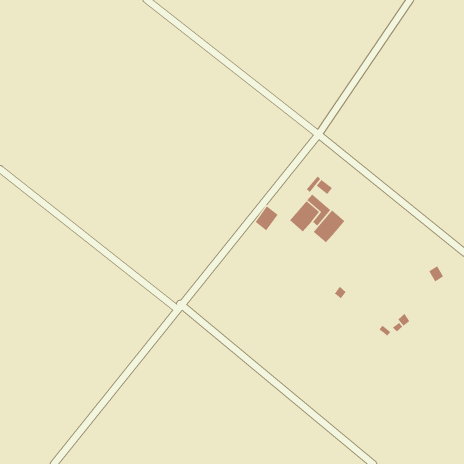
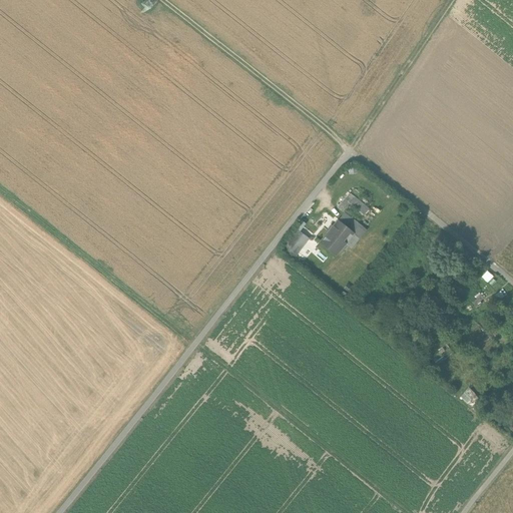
building: [313,210,345,243] -> none

